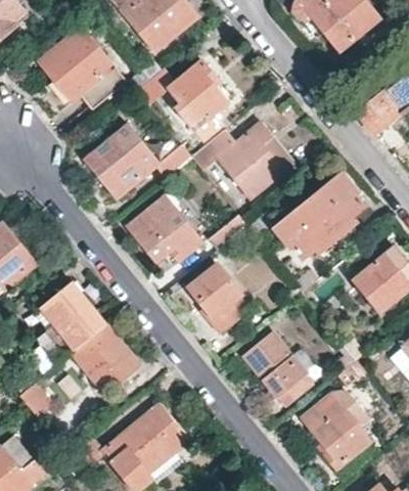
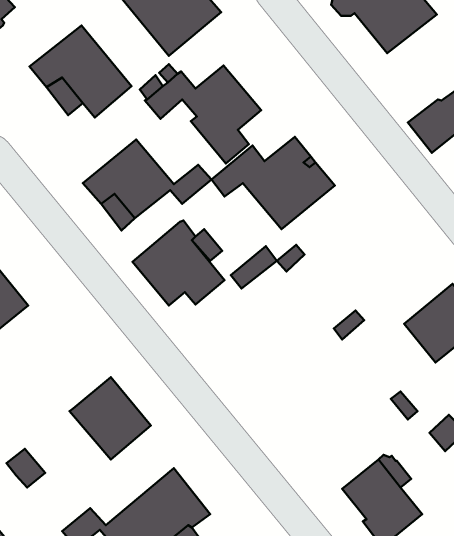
building: [272,172,366,259] -> none
building: [186,264,249,331] -> none
building: [39,283,105,351] -> none
building: [242,331,312,399] -> none

